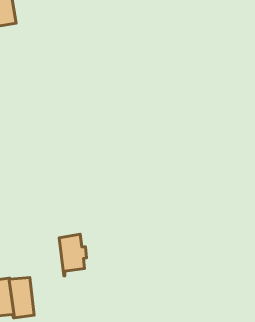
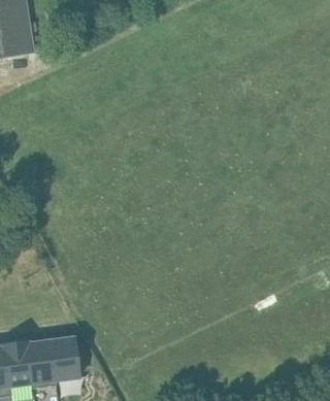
building: [59,234,86,276] -> [50,338,80,386]

